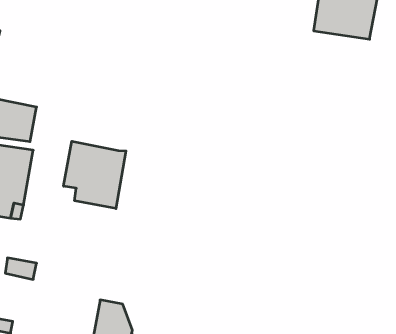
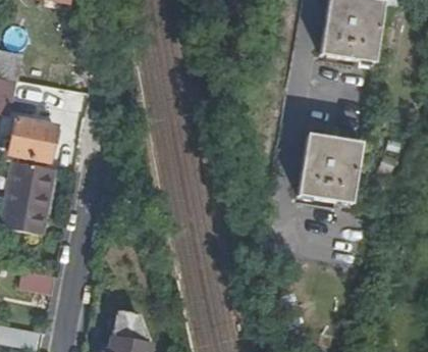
building: none -> [295,136,359,206]
building: [64,141,126,209] -> none

